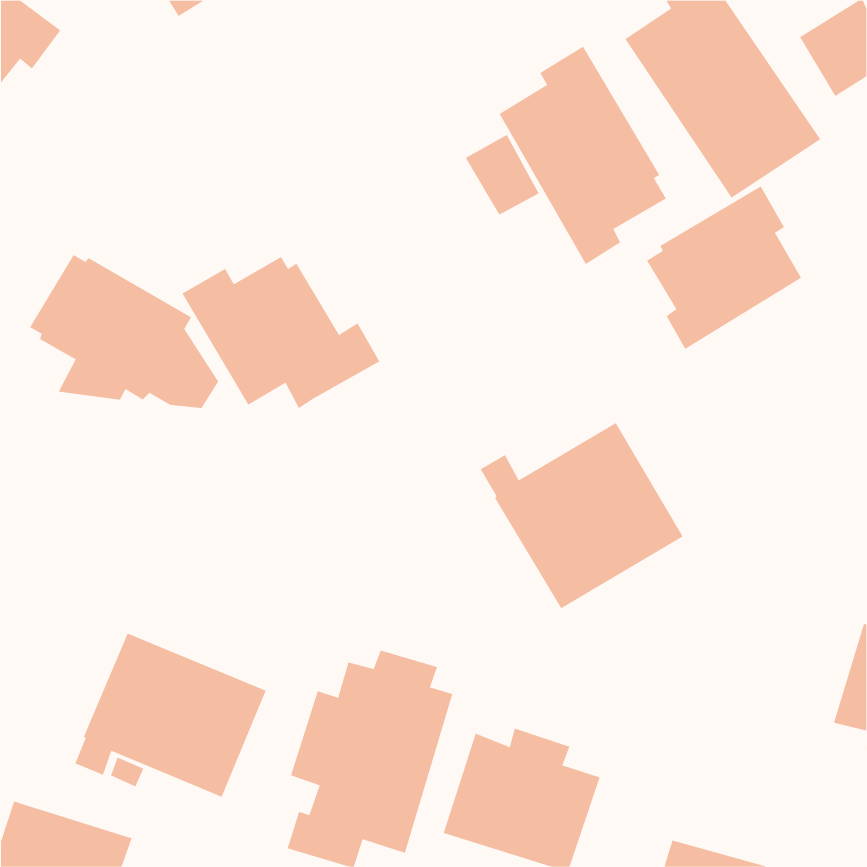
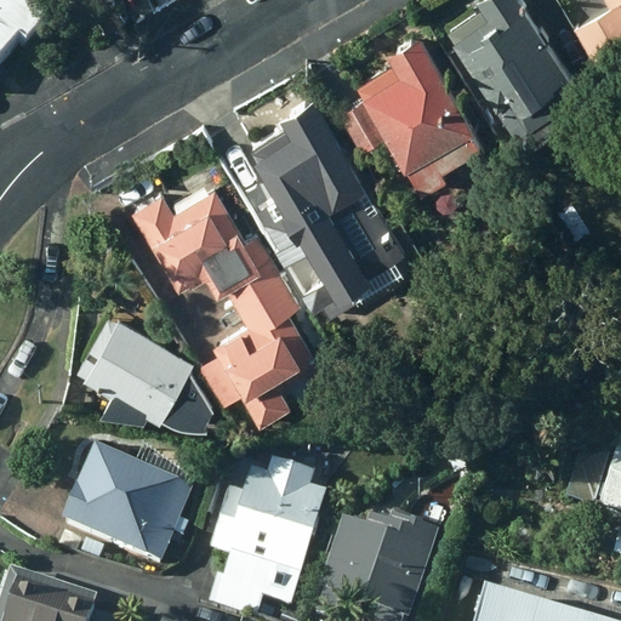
building: none -> [249,96,403,314]
building: [646,185,802,350] -> none
building: [29,254,219,409] -> [75,315,211,426]
building: none -> [198,258,337,426]
building: [480,422,683,609] -> none

